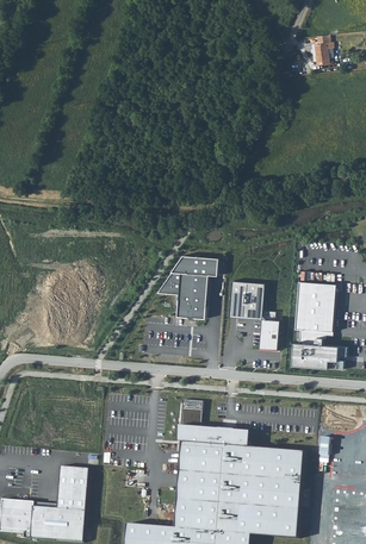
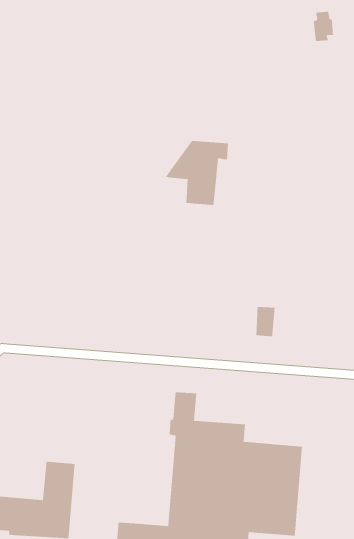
building: [157,255,219,318] -> [164,140,229,206]
building: [228,279,262,315] -> none
building: [292,280,347,368] -> none

